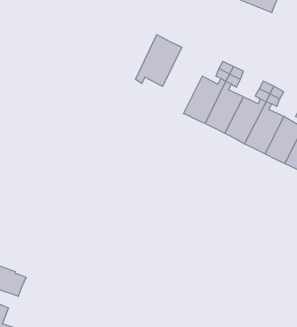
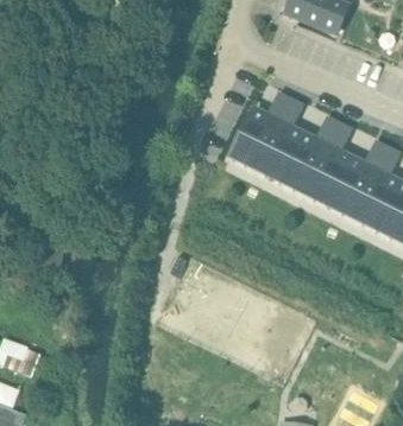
building: [135,35,182,86] -> none

